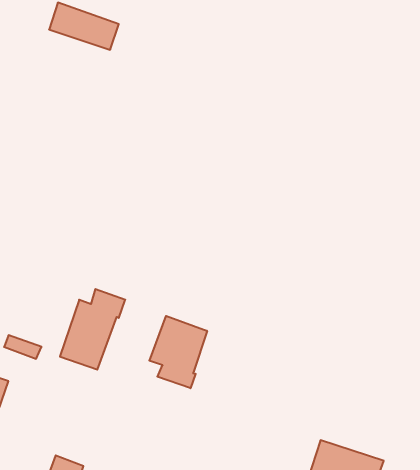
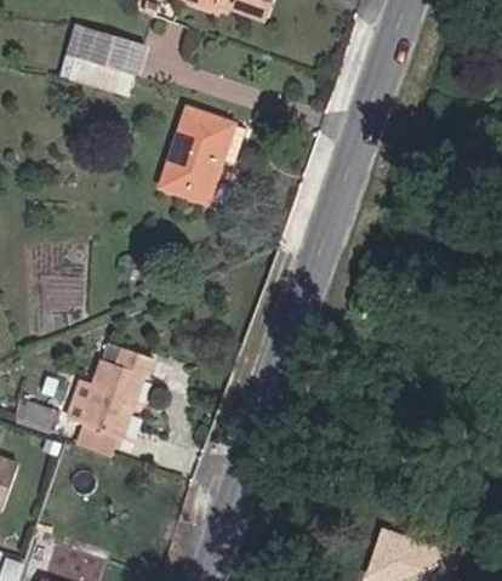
building: none -> [156,112,235,212]
building: [149,316,207,388] -> none

